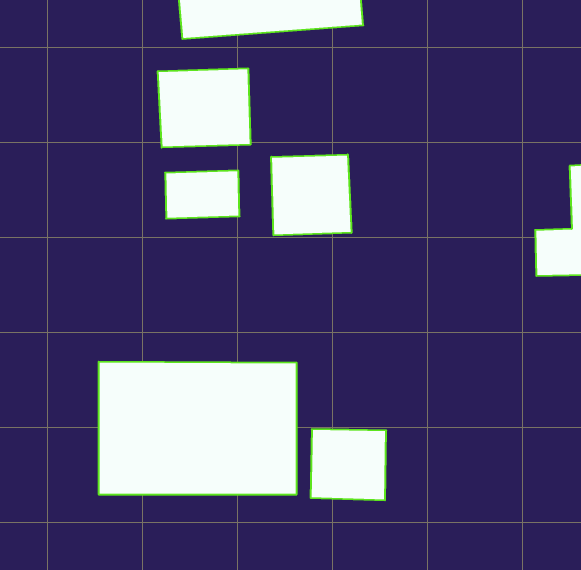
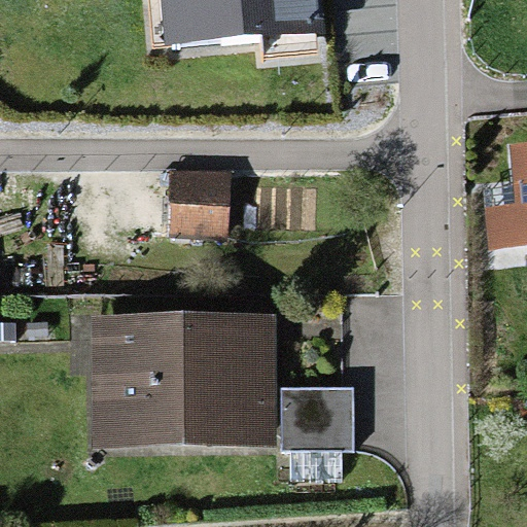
building: [158,68,250,148] -> none
building: [271,154,351,235] -> none

